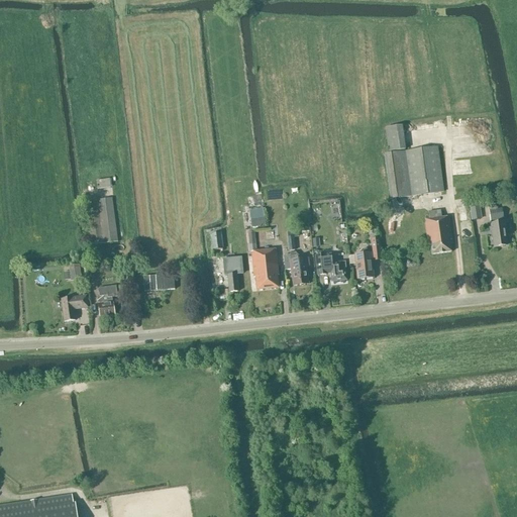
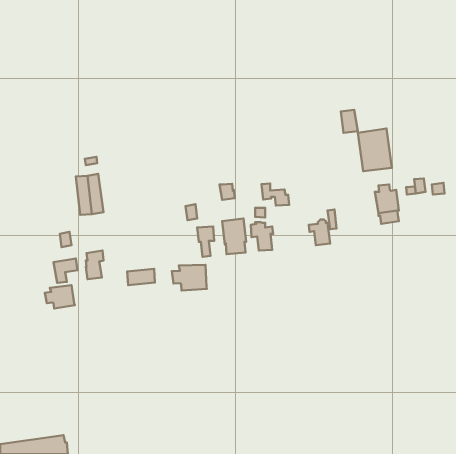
building: [384,150,411,197] -> none
building: [490,220,508,246] -> none
building: [315,254,346,280] -> [261,183,289,206]
building: [142,270,174,288] -> [127,269,155,285]
building: none -> [172,265,207,290]
building: none -> [45,285,75,308]

